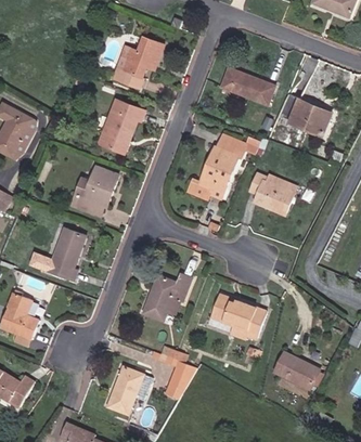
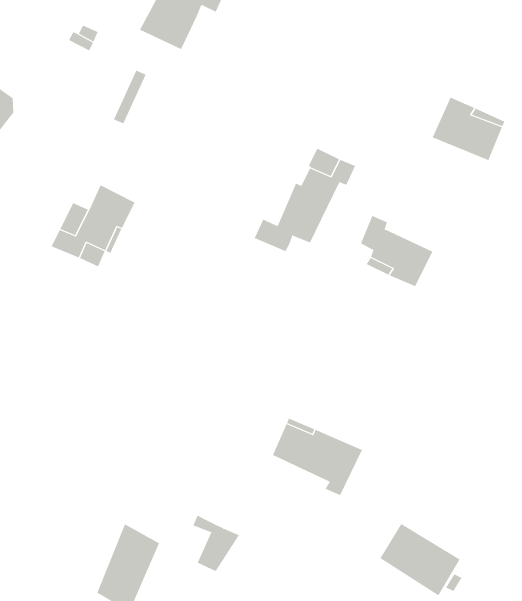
building: [221,66,276,107] -> none
building: [98,96,146,157] -> none
building: [49,225,89,281] -> none
building: [145,271,193,323] -> none

